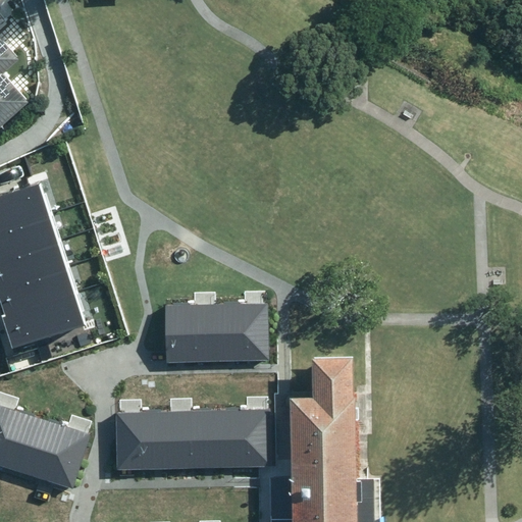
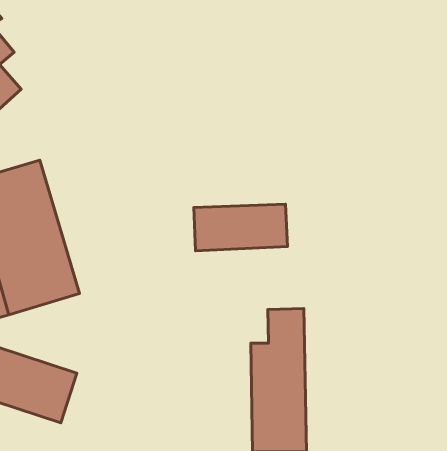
building: [160,307,268,361] -> [194,204,287,251]
building: [109,404,273,470] -> none

